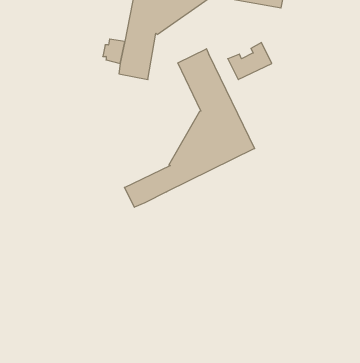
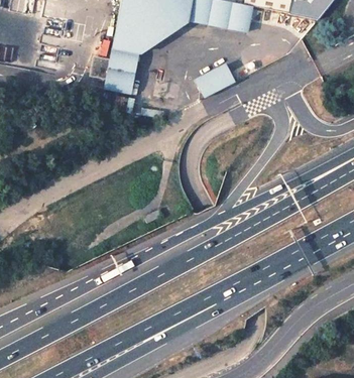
building: [124,49,255,207] -> none

